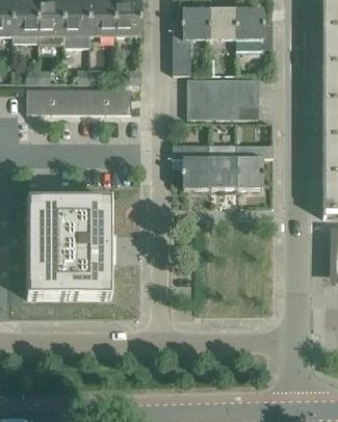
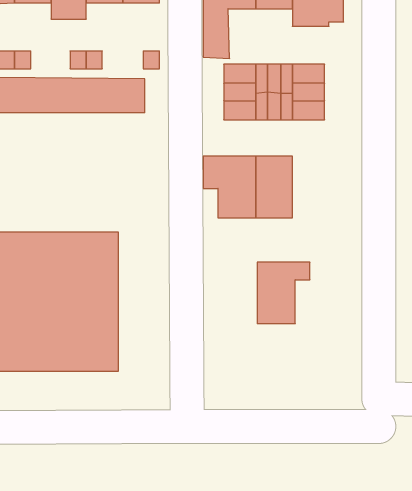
building: [236,144,274,188] -> [257,262,310,324]

